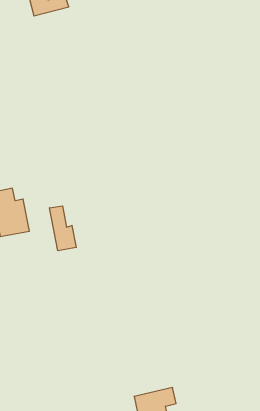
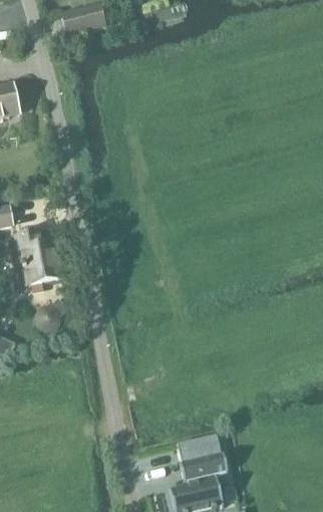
building: [50,206,76,251] -> none
building: none -> [176,435,224,463]

